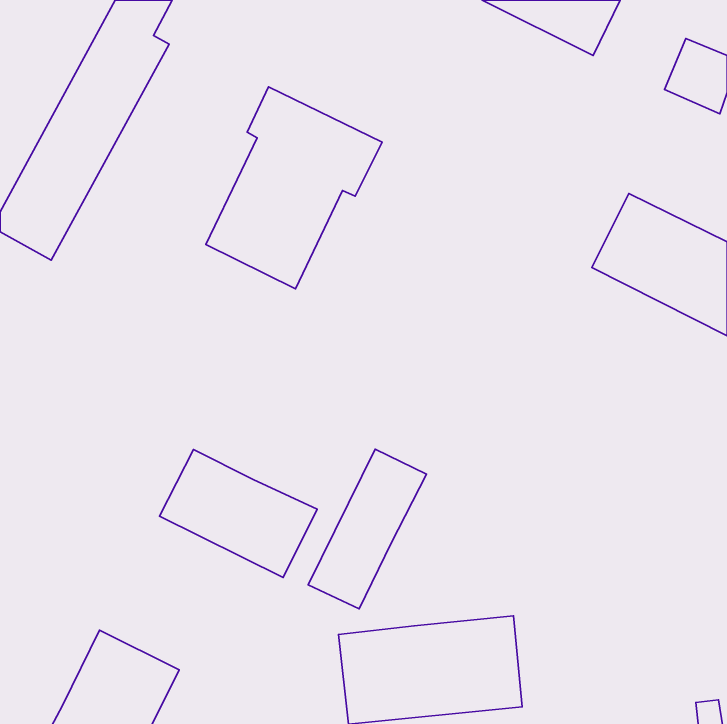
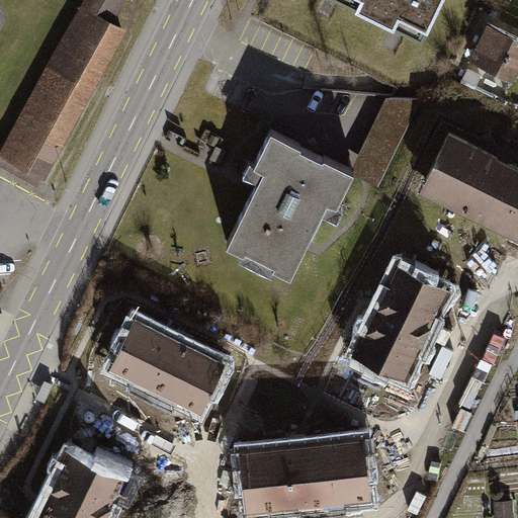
building: [206,87,382,289] -> [227,130,352,273]
building: none -> [356,269,449,379]
building: [308,449,427,609] -> none

